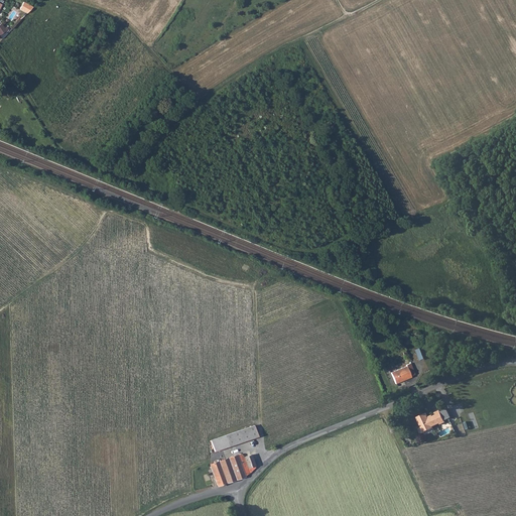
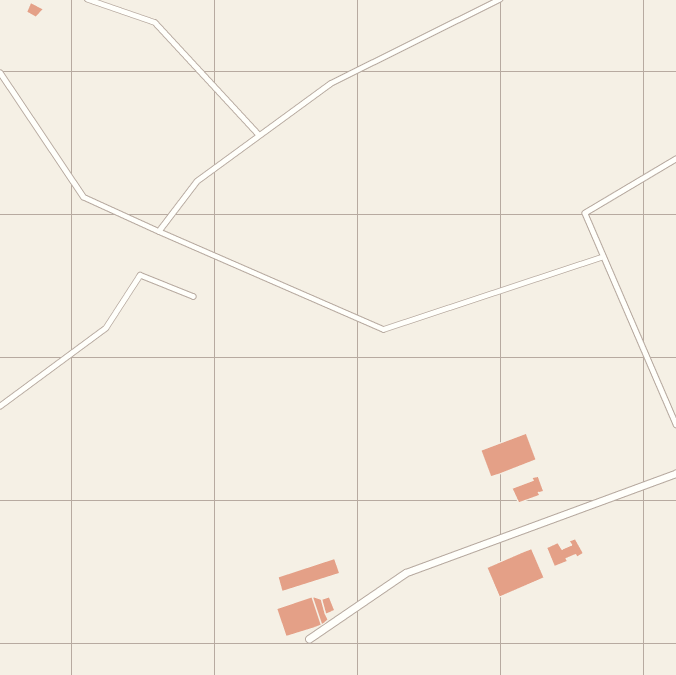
building: none -> [481,433,536,477]
building: none -> [487,548,544,597]

